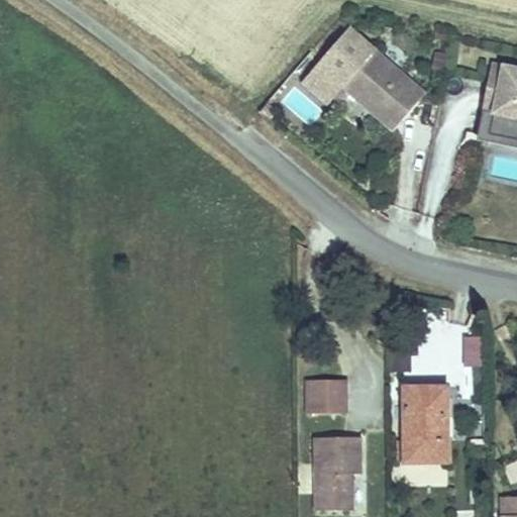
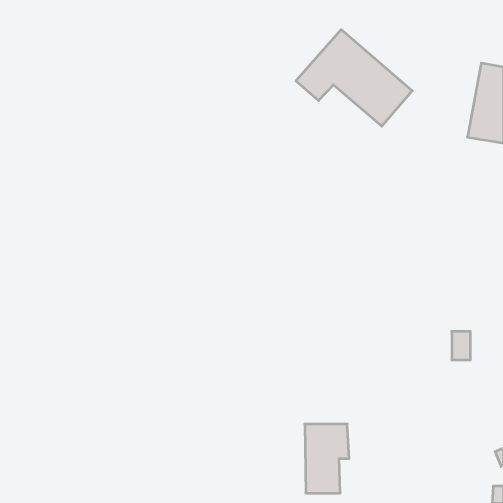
building: [305,375,343,409] -> none
building: [404,389,448,460] -> none

